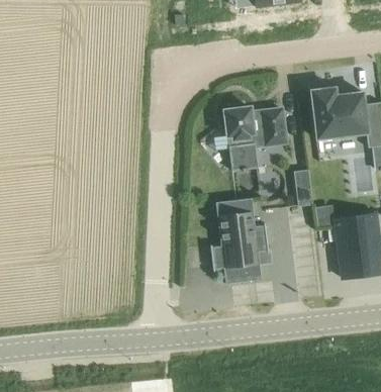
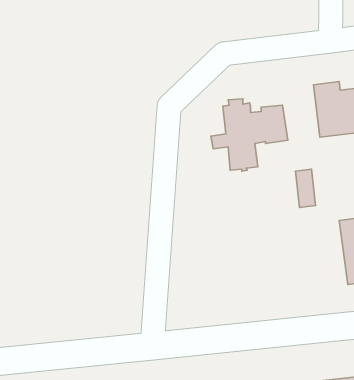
building: [211,199,270,285] -> none

